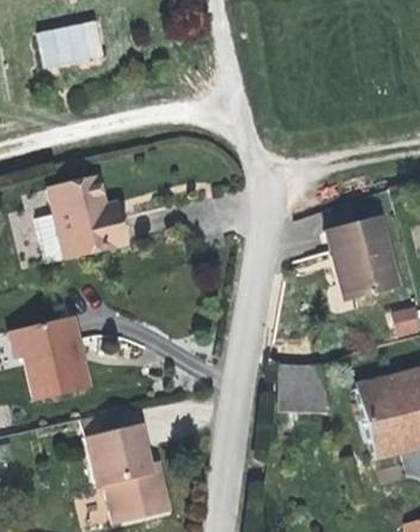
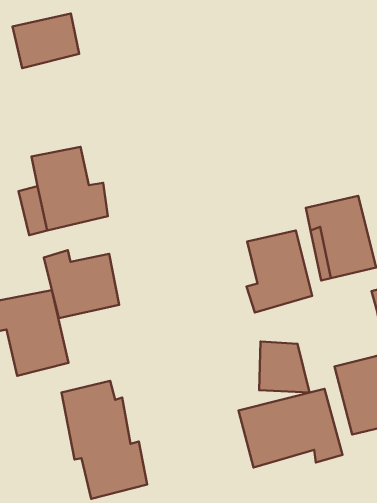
building: none -> [246,231,312,312]
building: none -> [44,250,119,318]
building: none -> [238,389,343,468]

